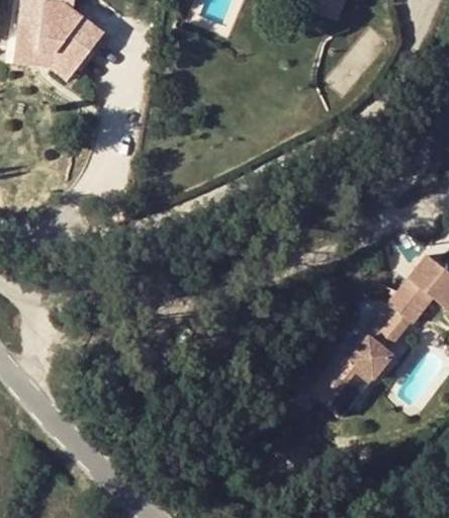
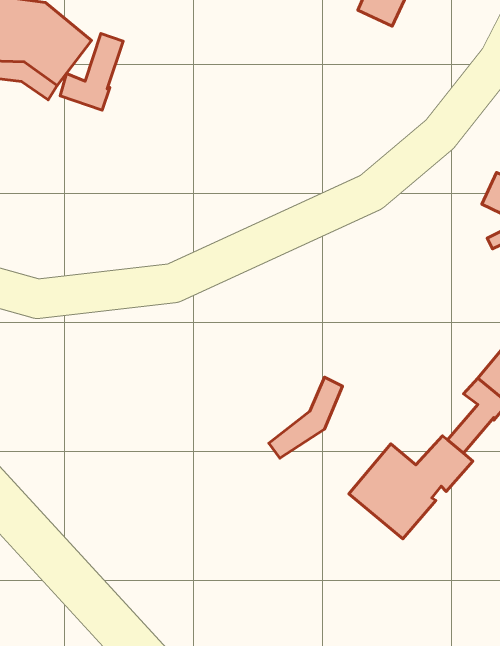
building: none -> [60,34,123,110]
building: none -> [269,377,342,458]

